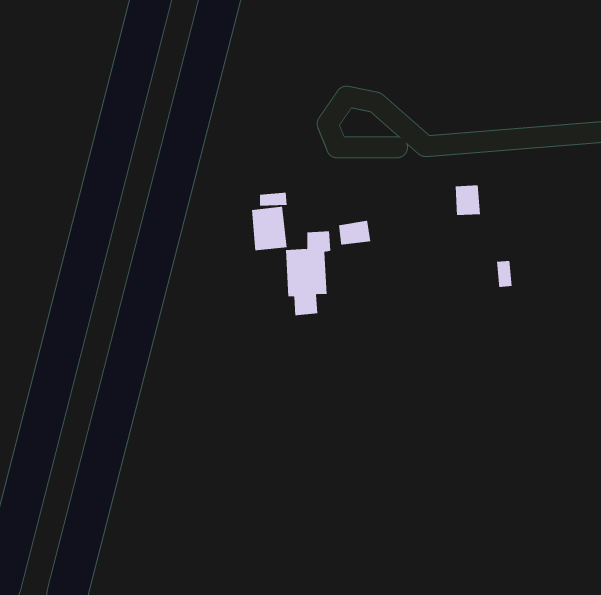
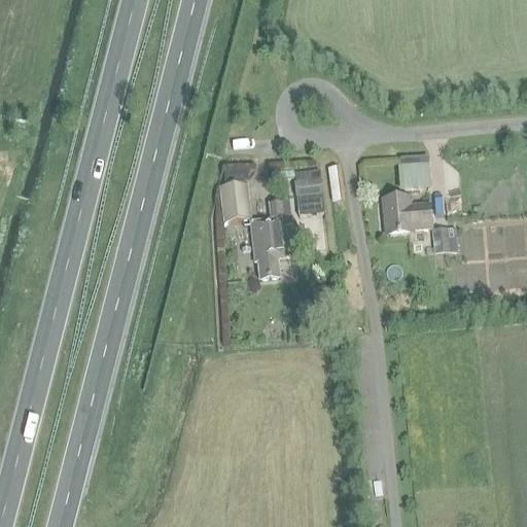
building: none -> [293,169,322,197]
building: none -> [382,194,433,232]

